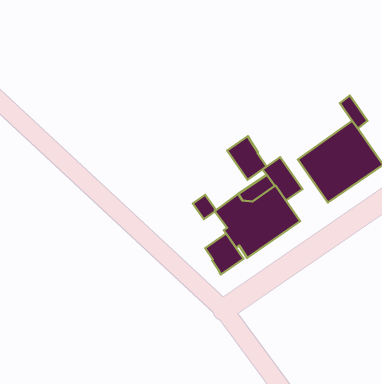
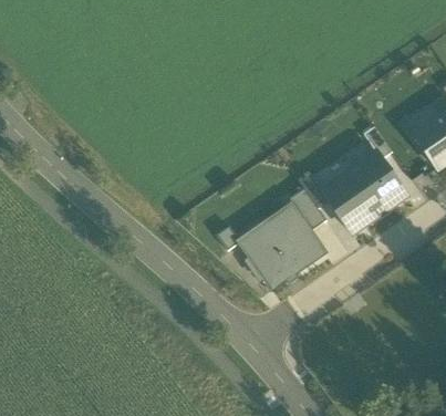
building: [227,136,267,180] -> none
building: [205,233,244,274] -> none

